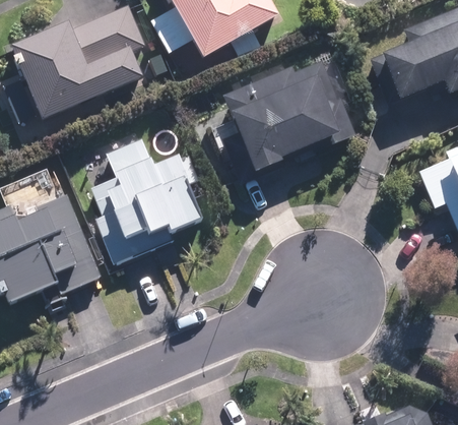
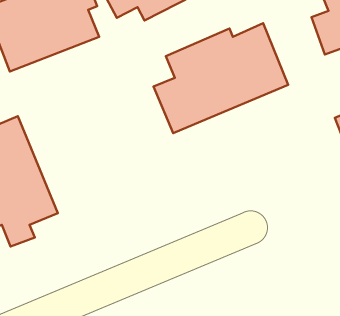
building: [92,139,211,262] -> none

